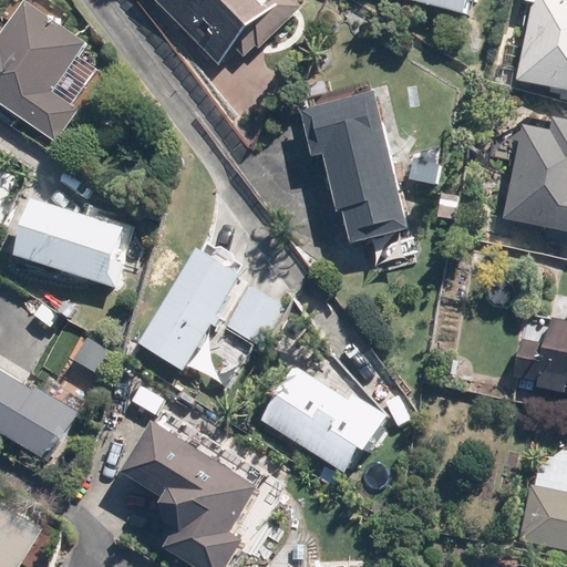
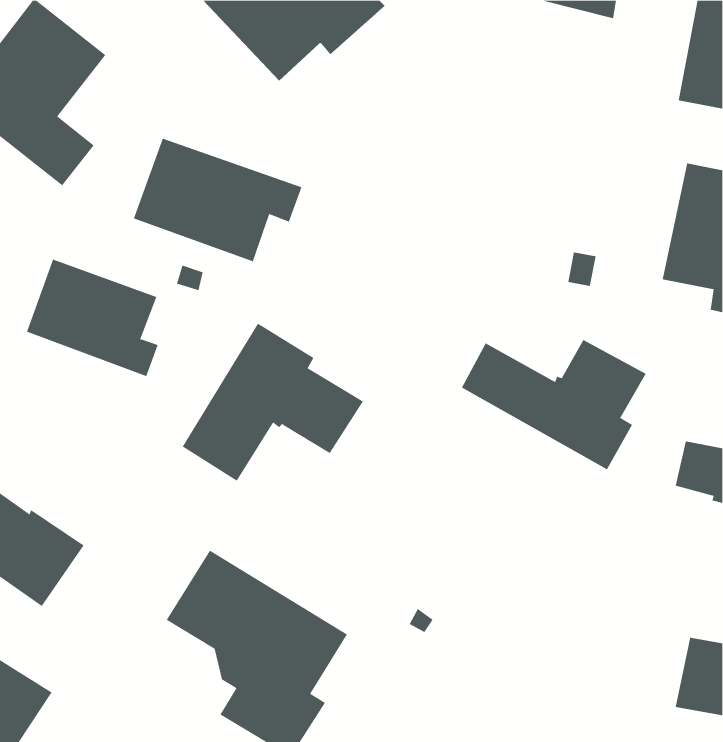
building: [303,89,413,238] -> none
building: none -> [133,138,302,262]
building: none -> [461,339,646,470]
building: [261,364,390,470] -> none

